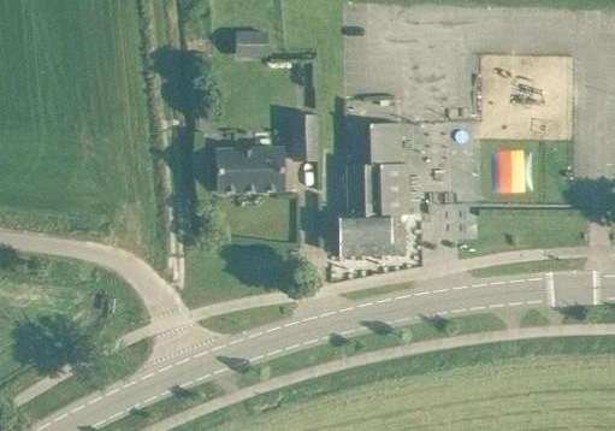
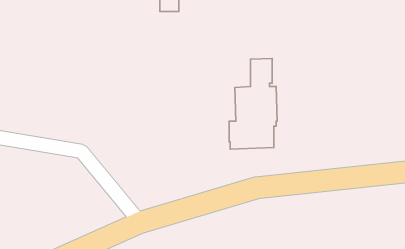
building: [292,116,317,159] -> none
building: [217,148,283,191] -> none

